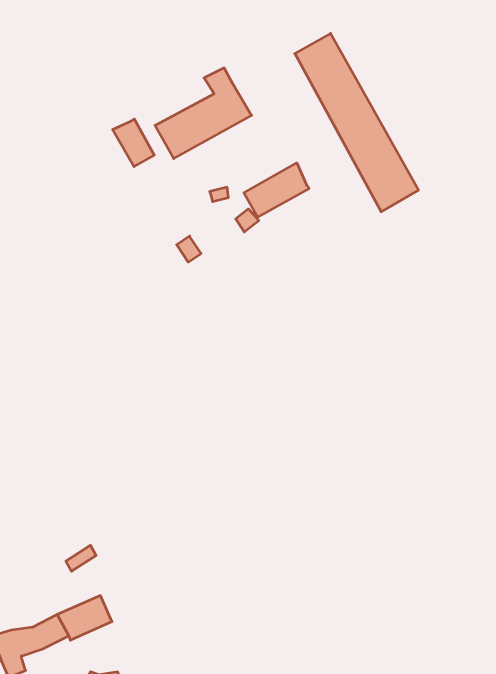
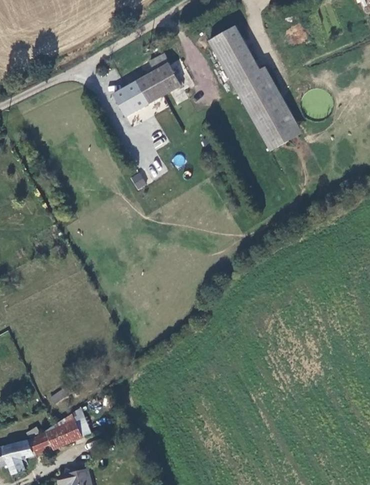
building: [113,119,154,167] -> none
building: [244,163,309,217] -> none

